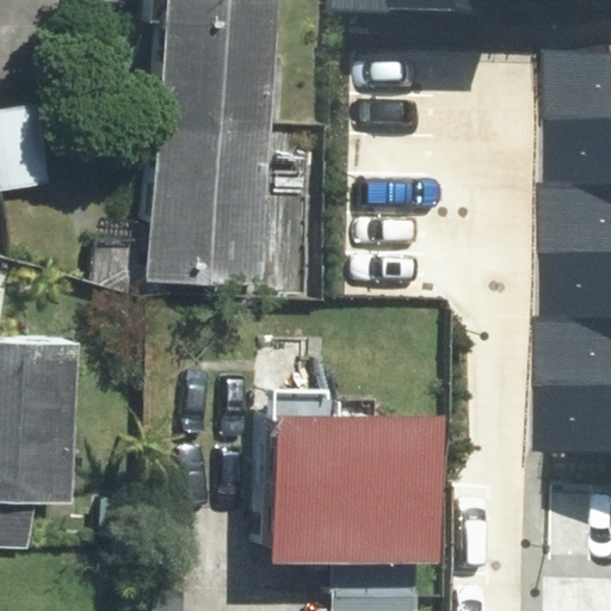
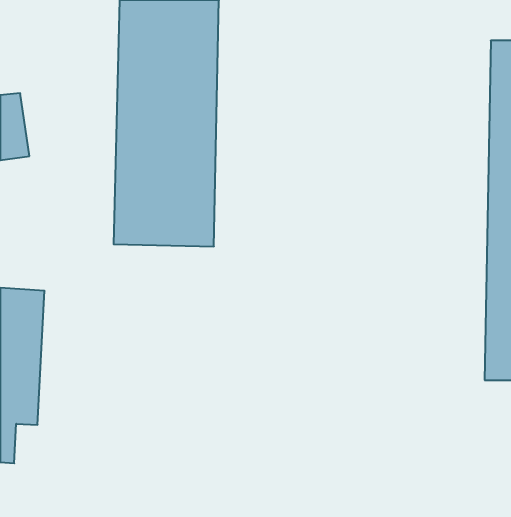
building: [258,393,443,566] -> none

